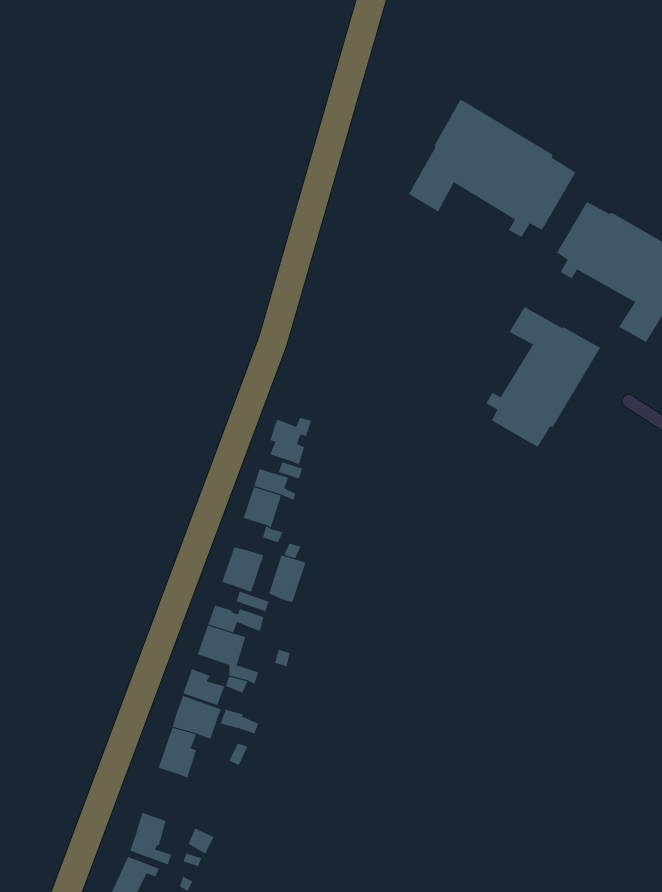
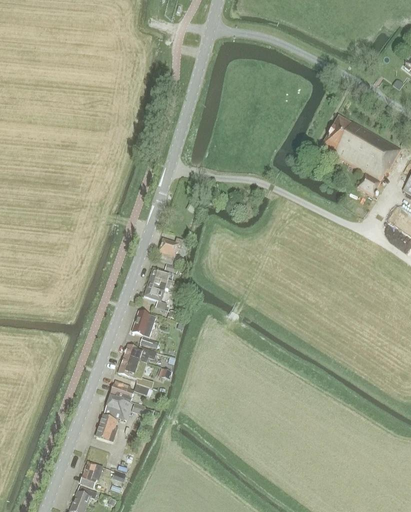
building: [408,98,576,238] -> none
building: [486,306,601,448] -> none
building: [268,555,306,603] -> none

